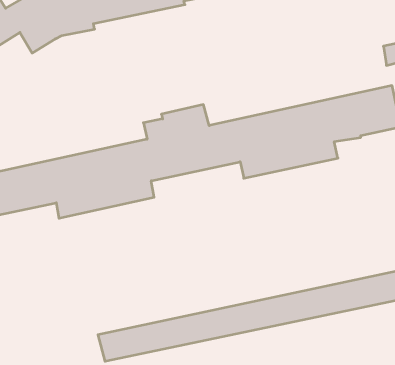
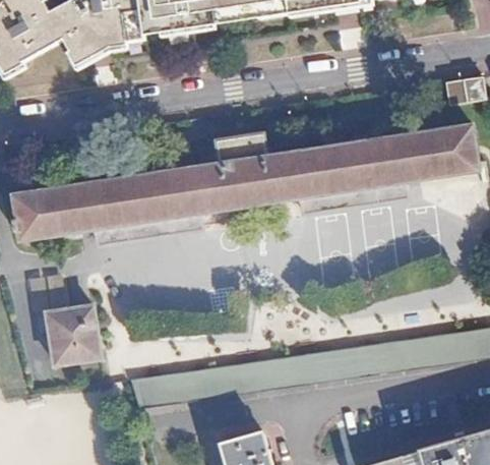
building: none -> [38,308,97,371]

